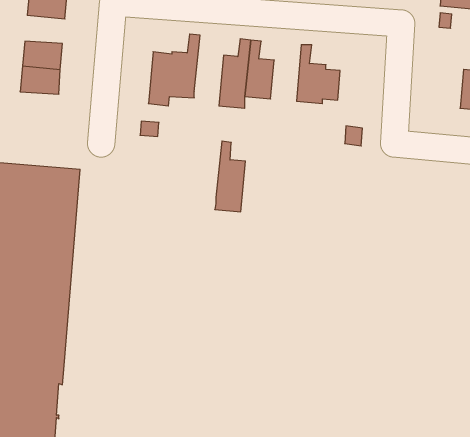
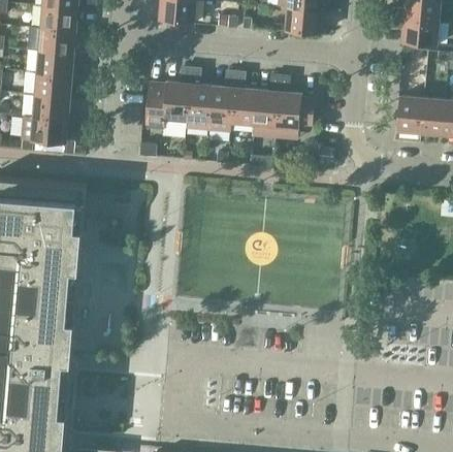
building: none -> [35,51,70,75]
building: none -> [251,75,278,126]
building: none -> [394,96,420,132]
building: none -> [19,117,65,143]
building: [215,141,245,212] -> [183,68,209,130]

